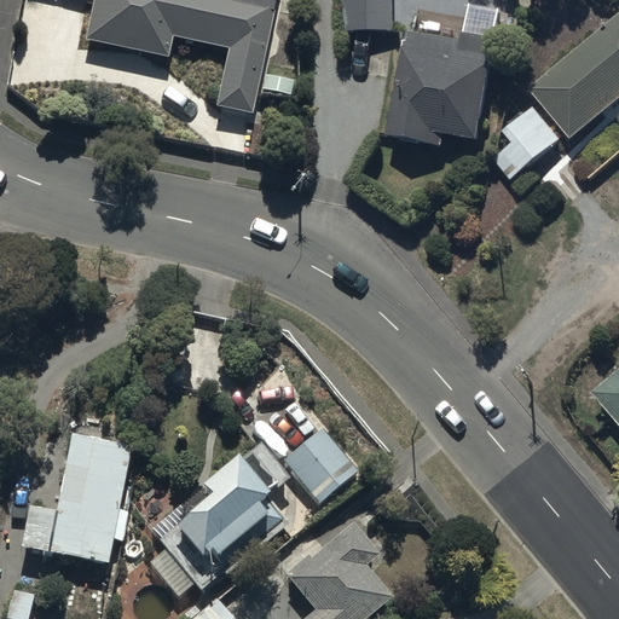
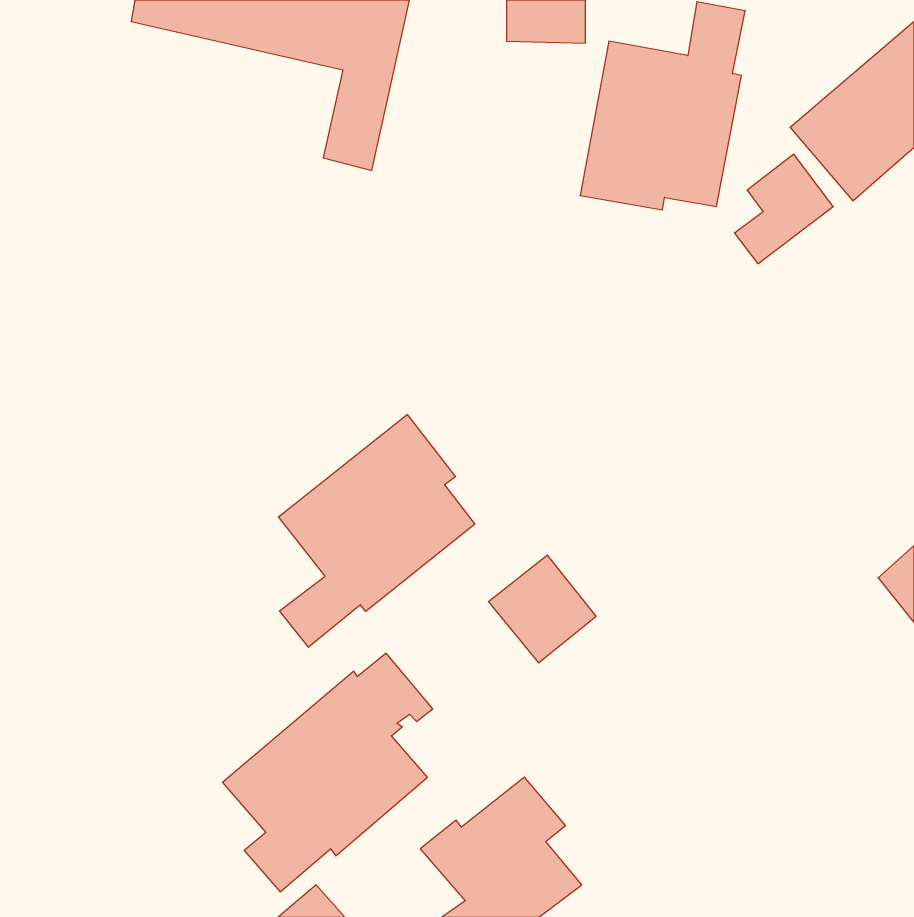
building: none -> [278,415,475,647]
building: [282,429,354,502] -> [488,555,596,663]
building: [19,432,133,565] -> none

